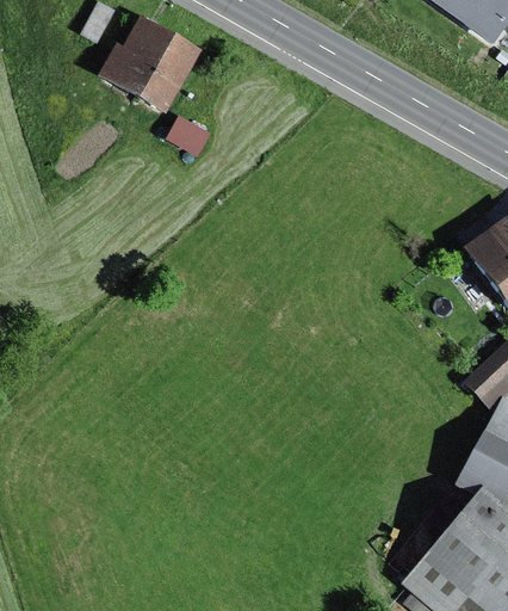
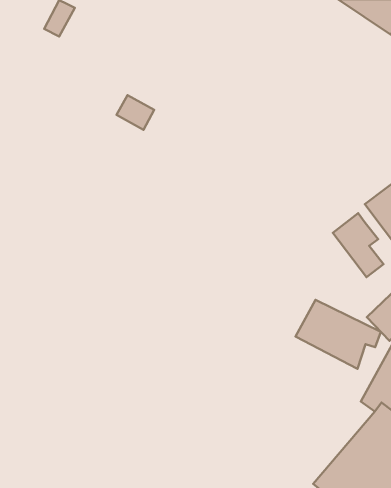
building: [98,16,202,113] -> none
building: none -> [333,213,383,277]
building: none -> [296,300,381,369]

